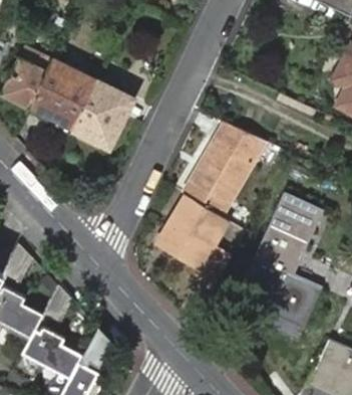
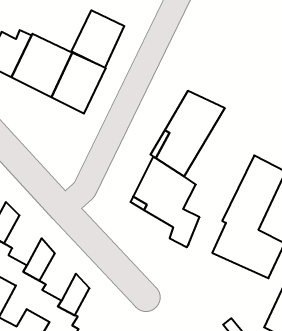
building: none -> [72,10,124,68]

